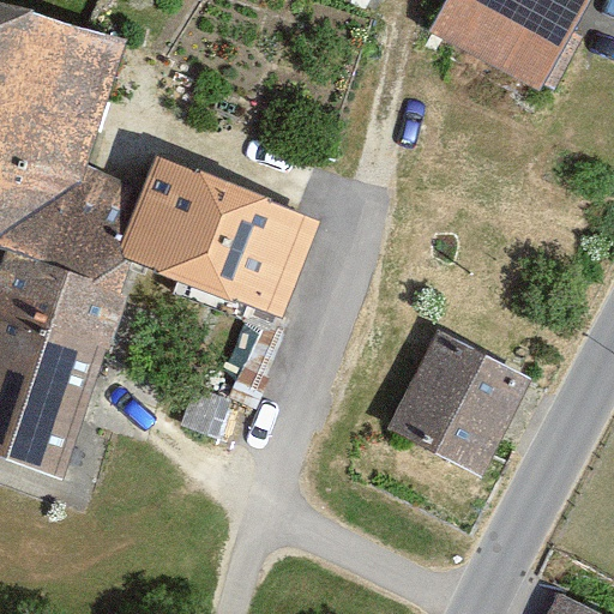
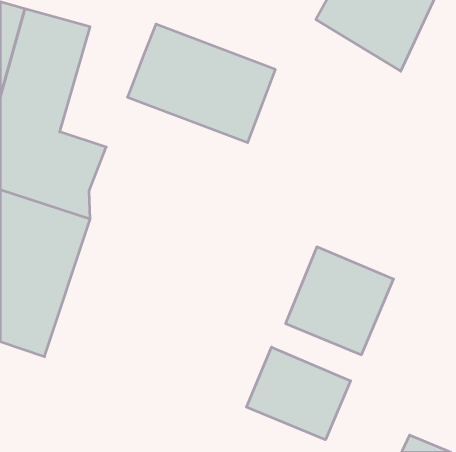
building: [120,158,319,318] -> [127,24,275,143]
building: none -> [246,347,351,440]

